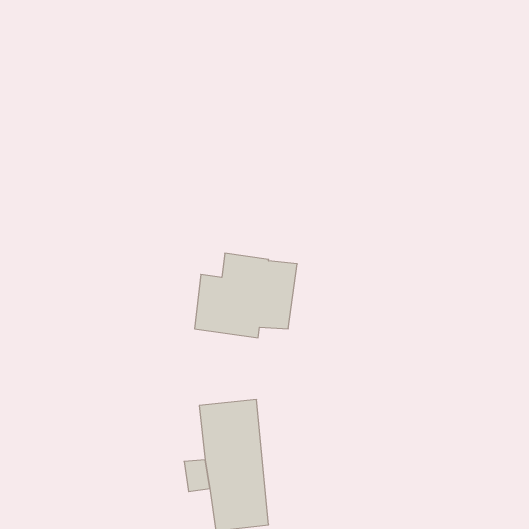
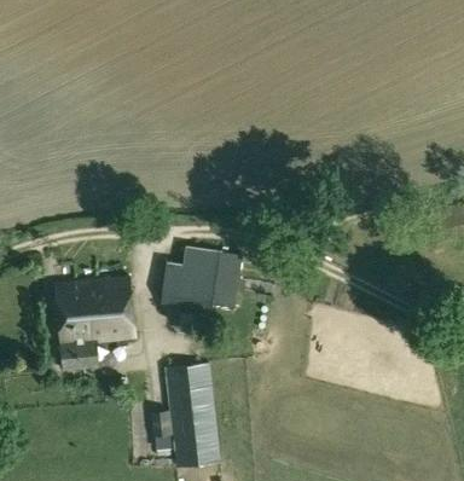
building: none -> [56,278,137,370]

